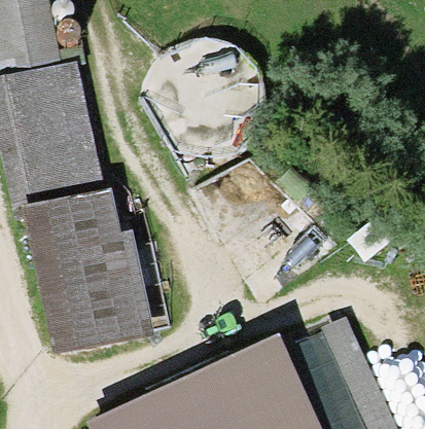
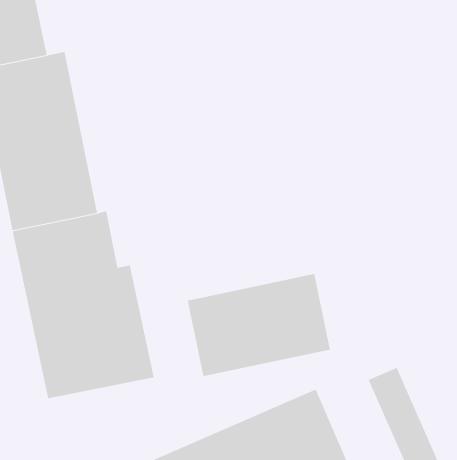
building: none -> [187,273,330,377]

